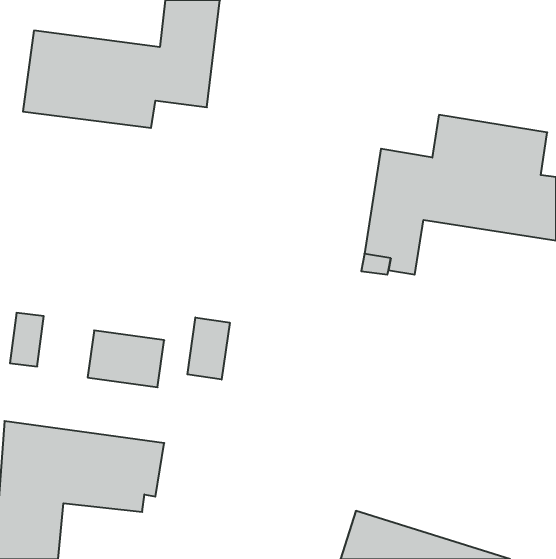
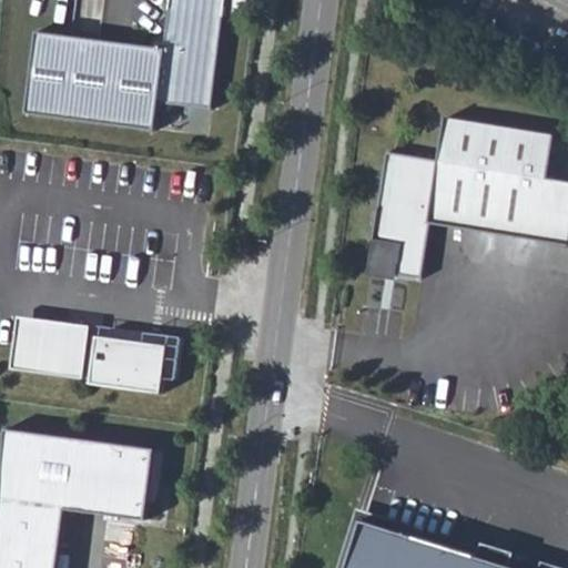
building: none -> [38,321,88,377]
building: [187,317,230,380] -> none

